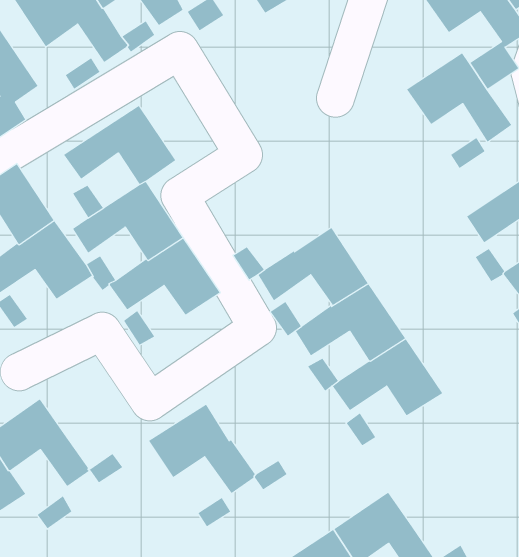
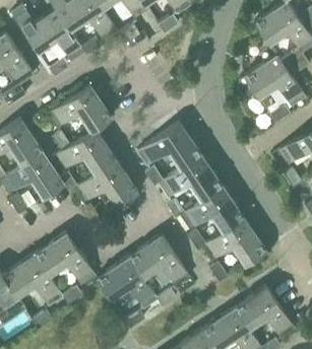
building: none -> [136,123,201,169]
building: none -> [34,232,95,284]
building: none -> [129,235,189,287]
building: none -> [234,286,294,338]

